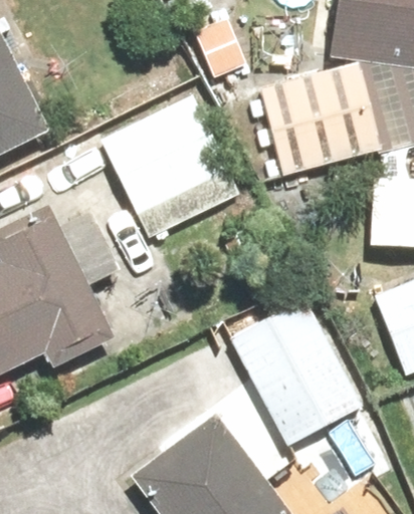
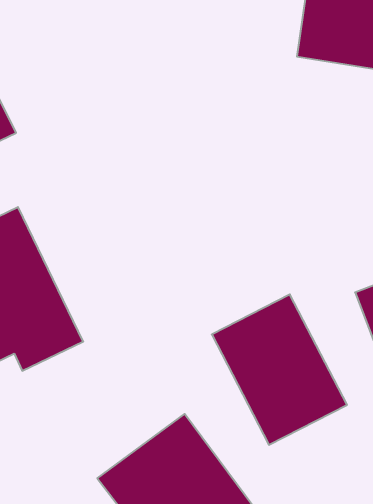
building: [268,68,385,177] -> none
building: [108,92,249,239] -> none

